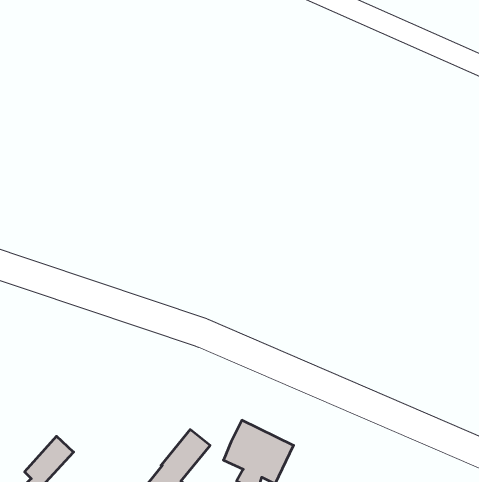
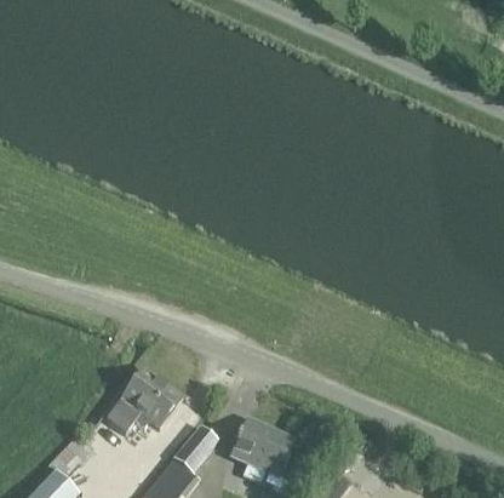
building: none -> [105,368,182,434]

